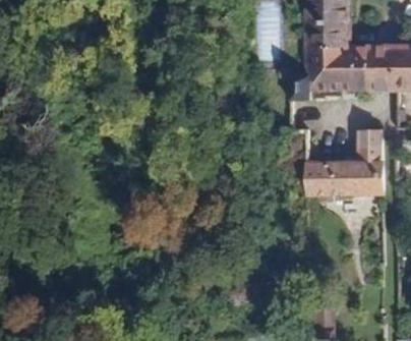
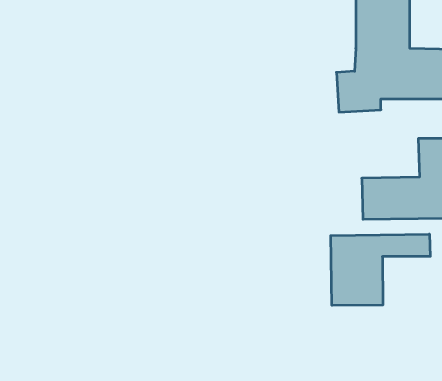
building: none -> [331,234,430,305]

